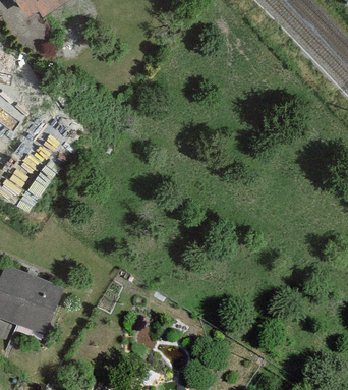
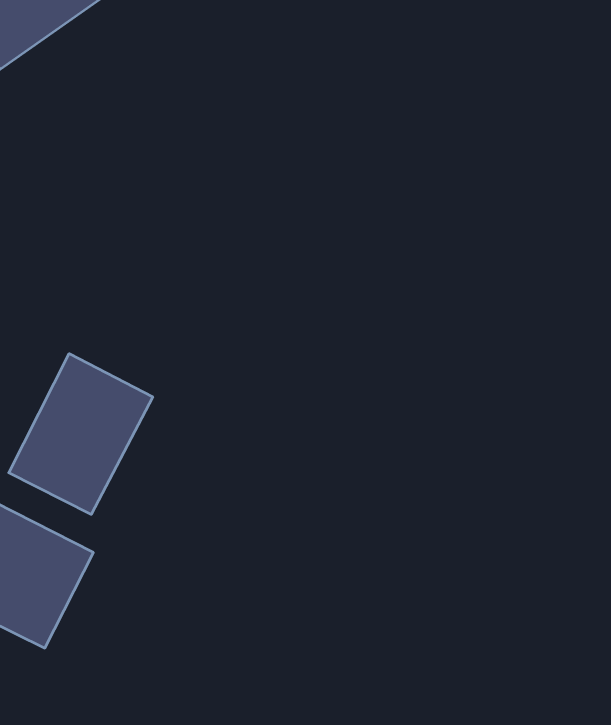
building: none -> [9,354,153,514]

